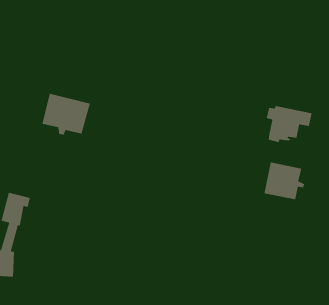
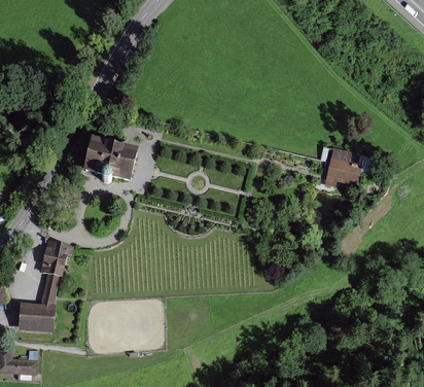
building: [263,161,305,200] -> none

